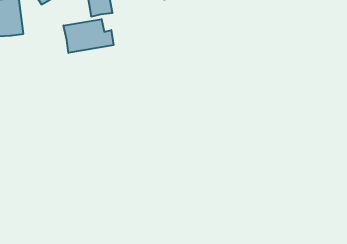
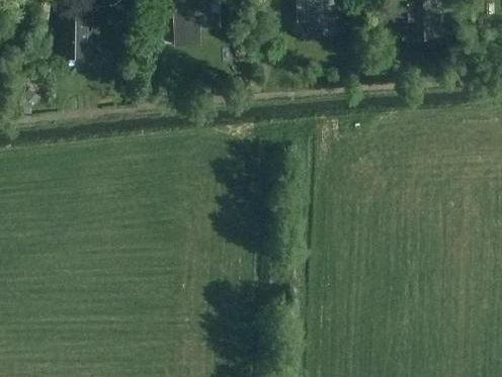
building: [64,19,114,53] -> none

